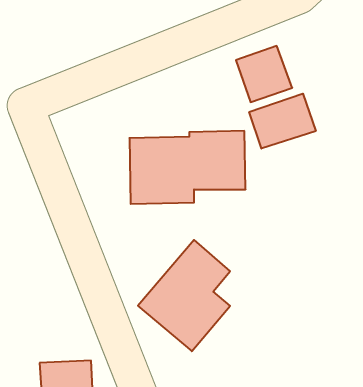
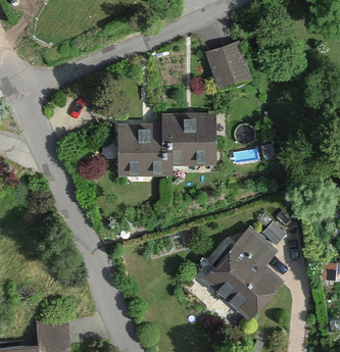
building: [249,94,316,149] -> none
building: [138,240,230,351] -> [198,222,277,317]

